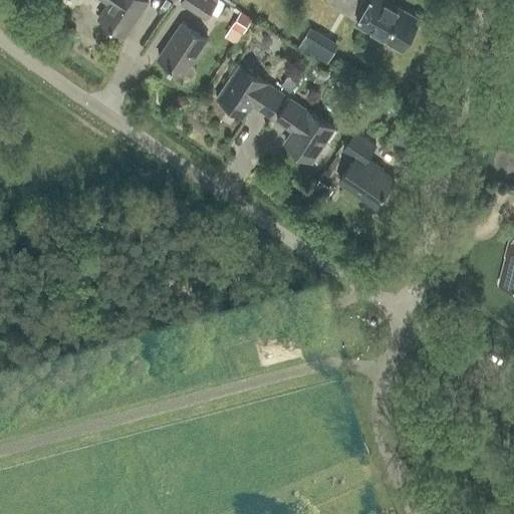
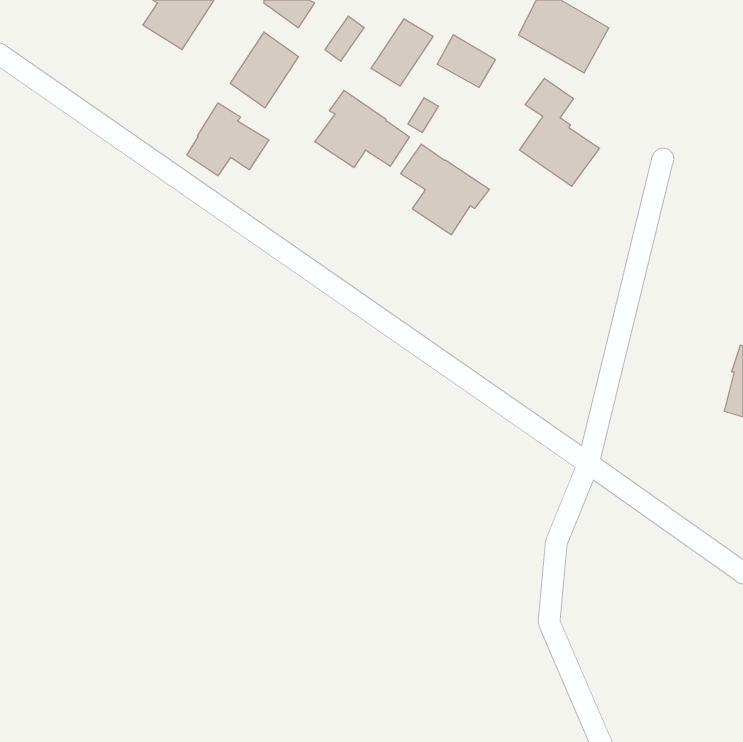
building: none -> [371,19,433,86]
building: none -> [187,103,269,176]
building: [338,134,394,208] -> [519,78,600,186]

